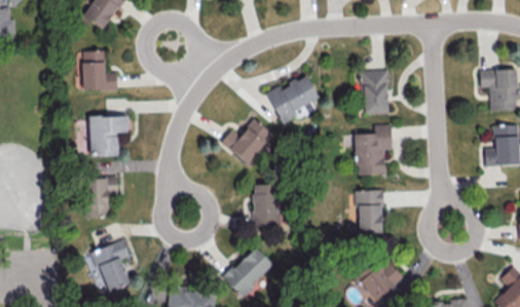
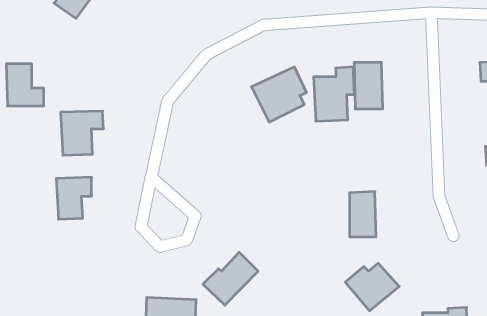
building: [81,50,116,89] -> [6,64,44,106]
building: [221,119,272,164] -> none
building: [354,124,392,175] -> [314,67,354,121]
building: [253,184,278,226] -> none
building: [89,239,129,293] -> none

